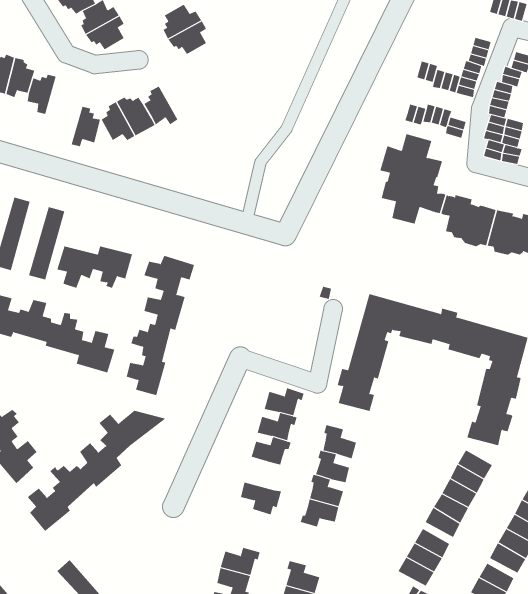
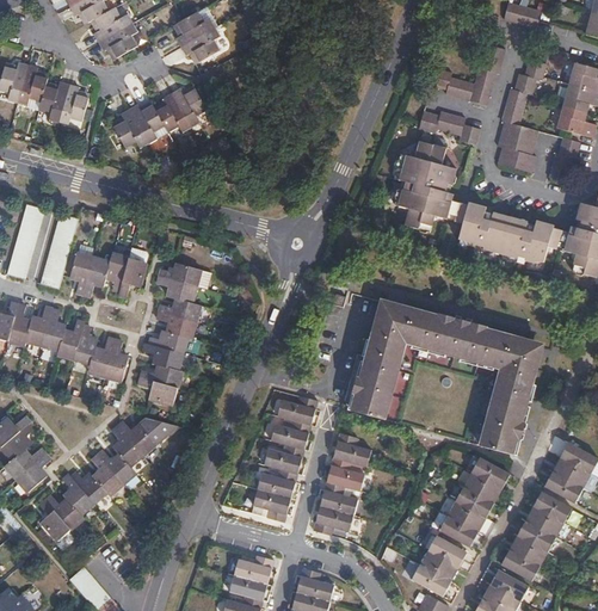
building: none -> [172,87,206,126]
building: [71,106,101,147] -> [58,84,88,124]
building: none -> [257,469,297,498]

